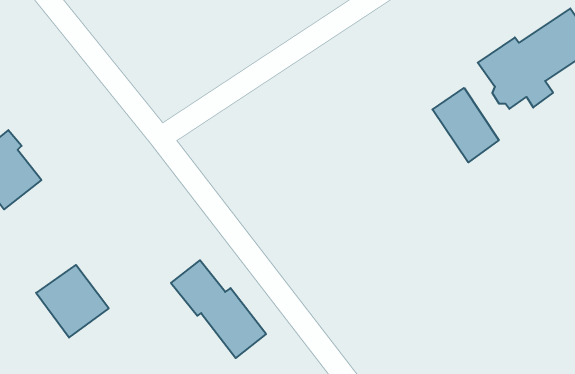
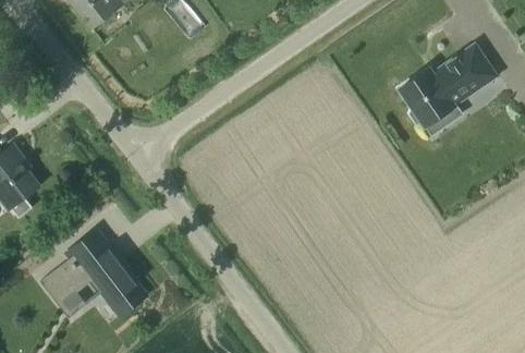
building: [432,88,499,162] -> none
building: [171,260,266,358] -> [68,235,146,316]

